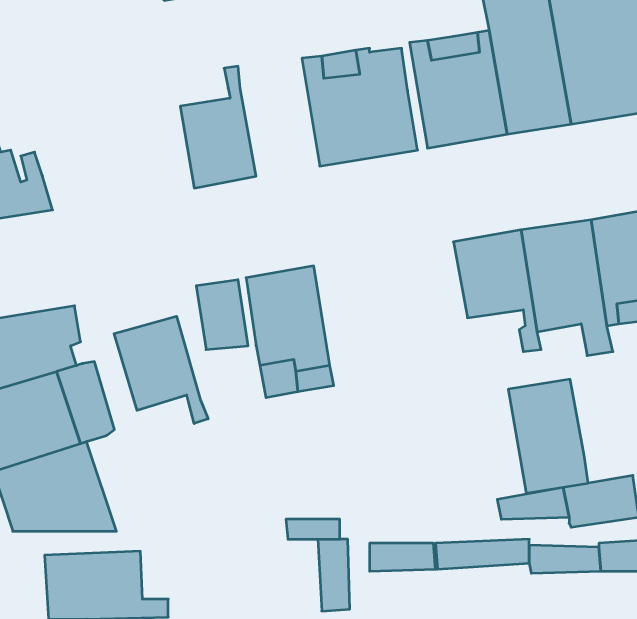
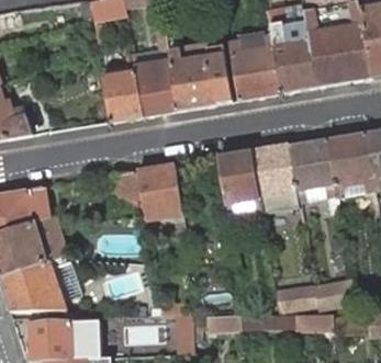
building: none -> [135,27,179,114]
building: [114,316,208,424] -> none
building: [508,379,588,493] -> [218,150,262,213]

